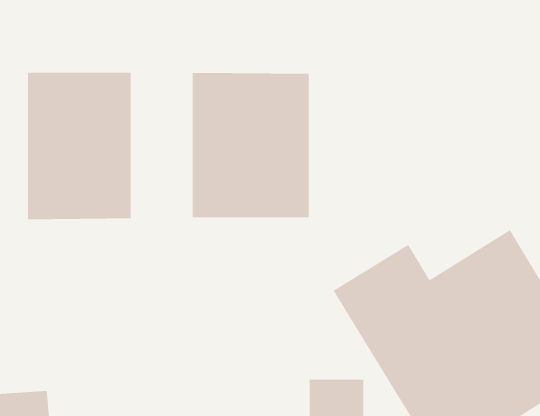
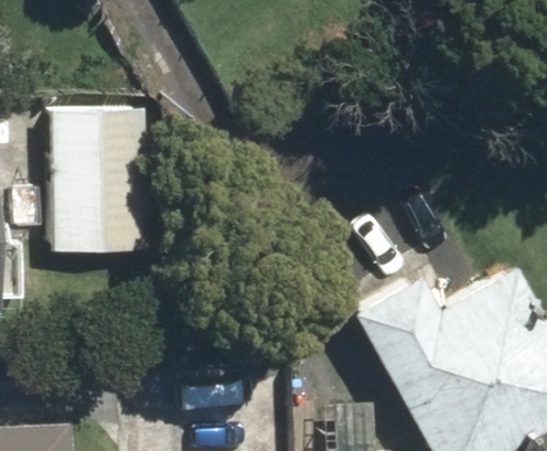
building: [192,72,310,218] -> none

